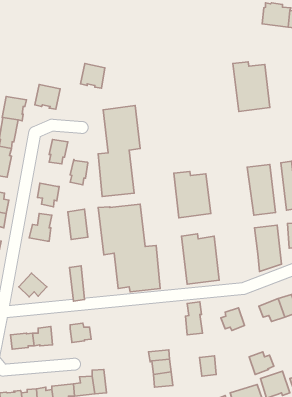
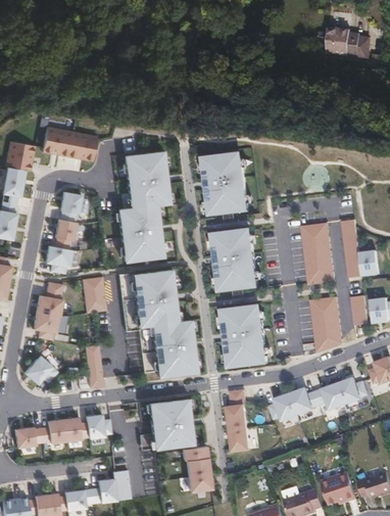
building: [233,62,270,112] -> [202,155,247,216]
building: [80,64,105,88] -> [69,131,99,160]
building: [70,160,88,185] -> [56,219,78,249]
building: none -> [34,312,59,340]
building: none -> [148,401,192,450]
building: none -> [63,418,89,441]
building: [249,352,274,375] -> [291,390,321,418]
building: [199,356,216,376] -> [229,427,249,452]

